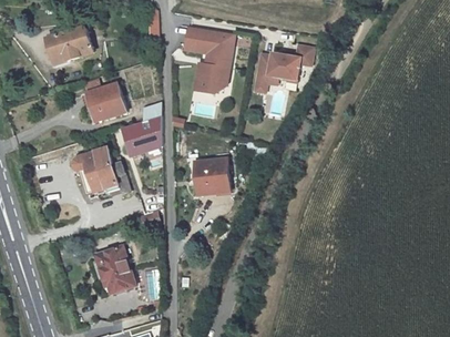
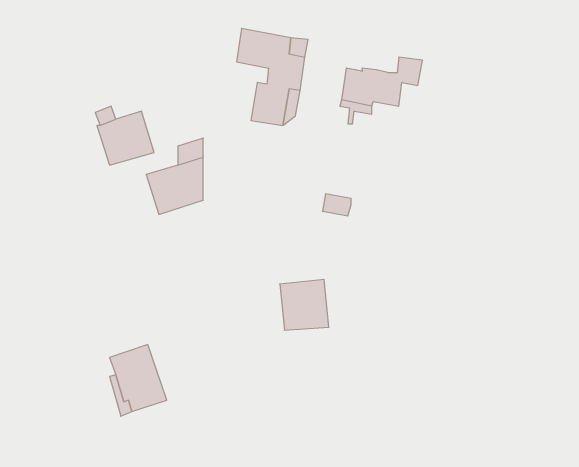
building: [47,28,92,61] -> none
building: [73,147,129,202] -> none
building: [194,159,228,194] -> [280,279,329,330]

